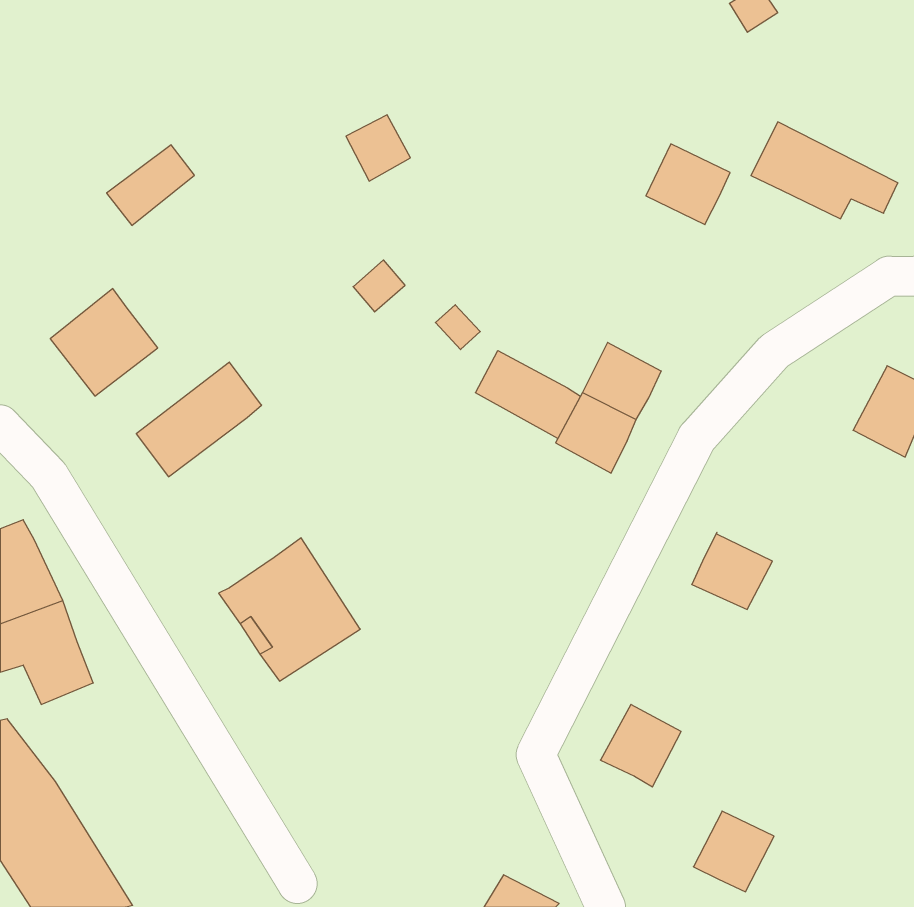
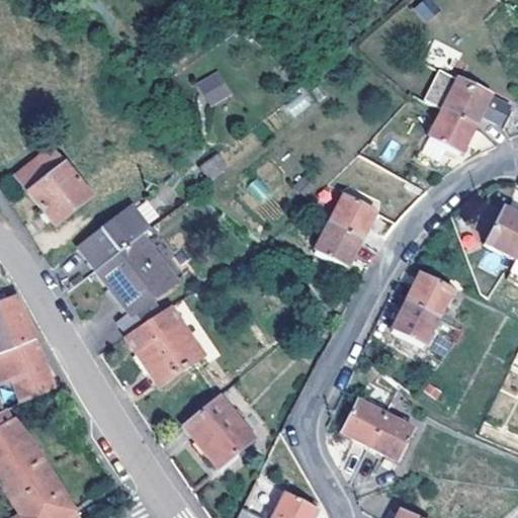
building: [646,144,730,225] -> [428,107,476,153]
building: [107,145,194,225] -> [15,146,65,191]
building: [475,351,580,438] -> none
building: none -> [96,236,175,332]
building: none -> [406,271,452,317]
building: none -> [183,394,254,466]
building: [693,811,774,892] -> [369,413,415,458]

